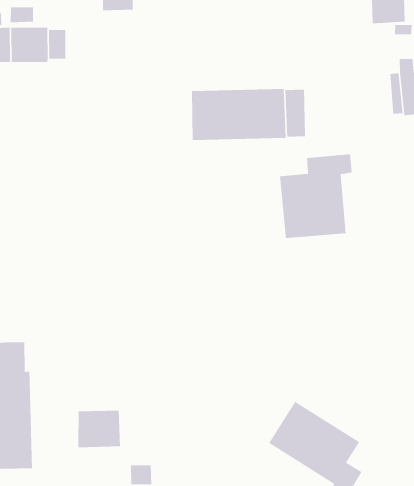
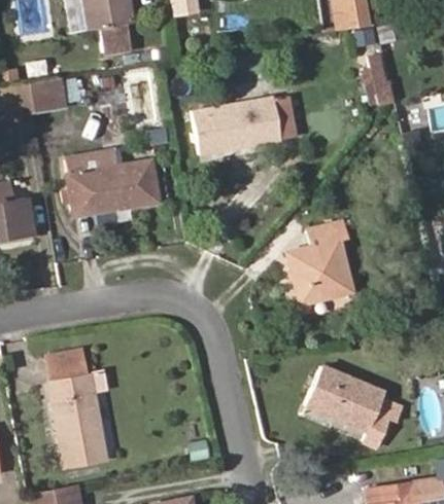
building: none -> [65,147,160,215]
building: [279,154,352,239] -> [286,221,352,303]
building: [78,410,121,448] -> none

